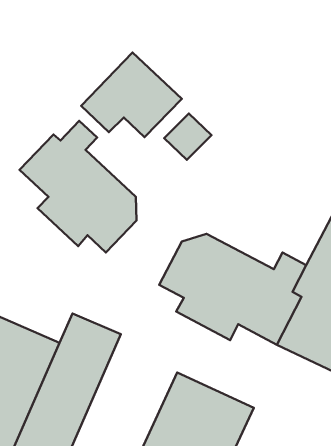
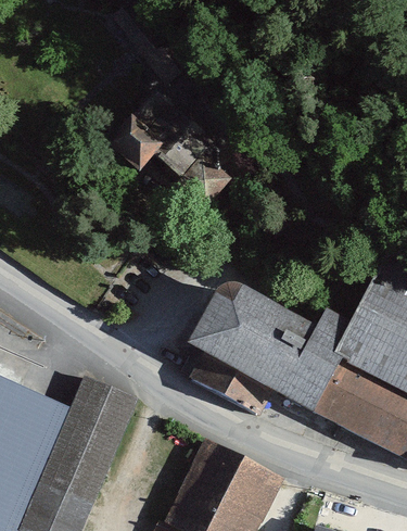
building: [19,121,136,253] -> none

